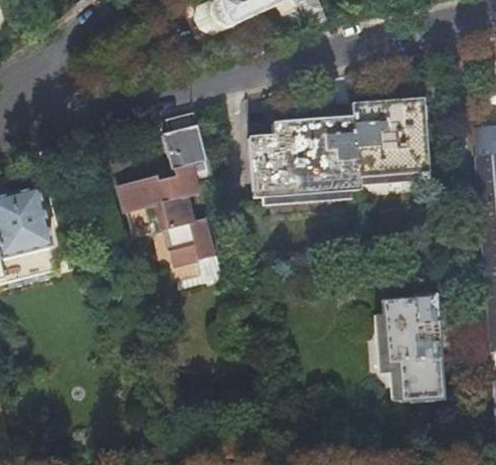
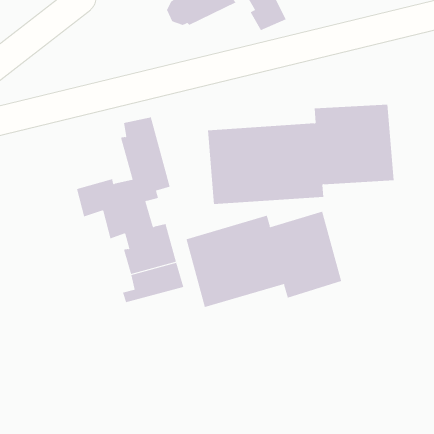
building: none -> [186,211,342,308]
building: [383,296,446,402] -> none

